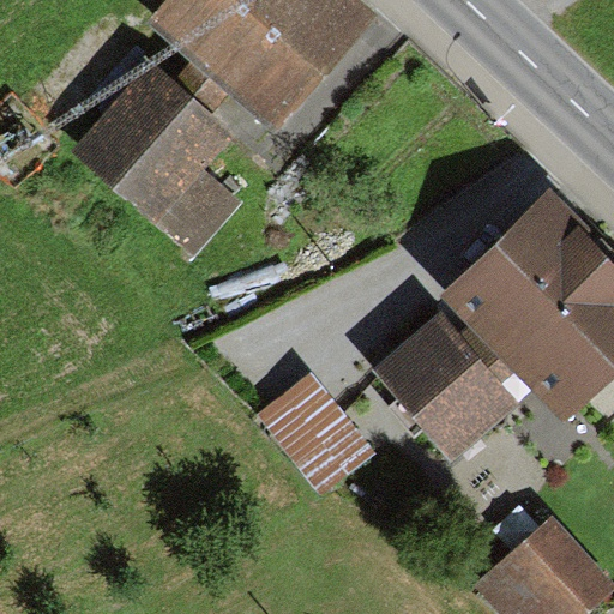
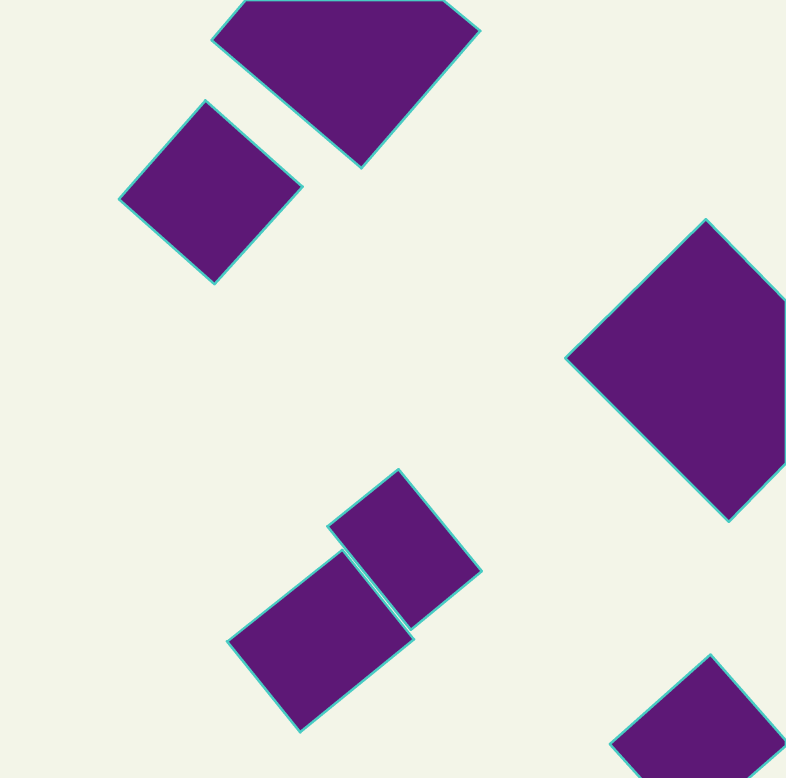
building: [373,309,518,456] -> none
building: none -> [227,550,414,732]

